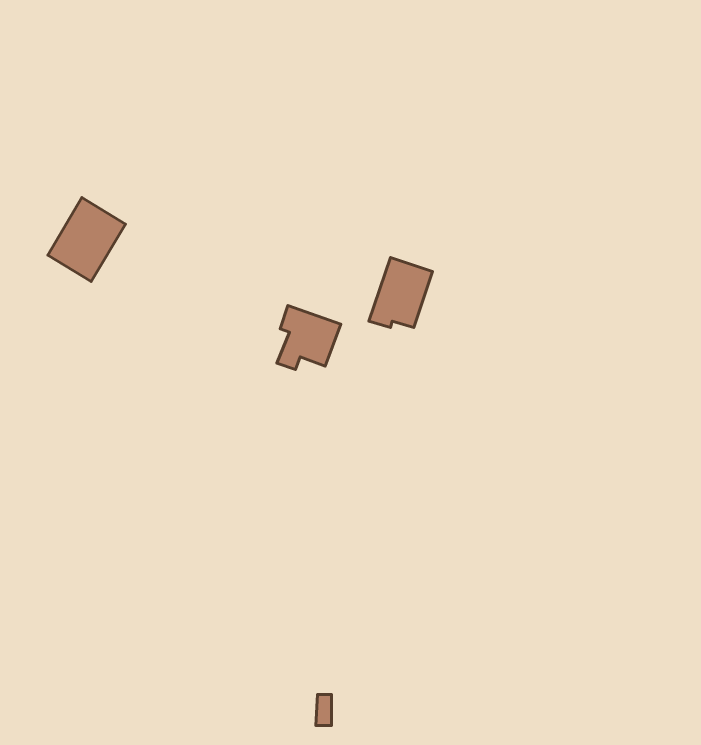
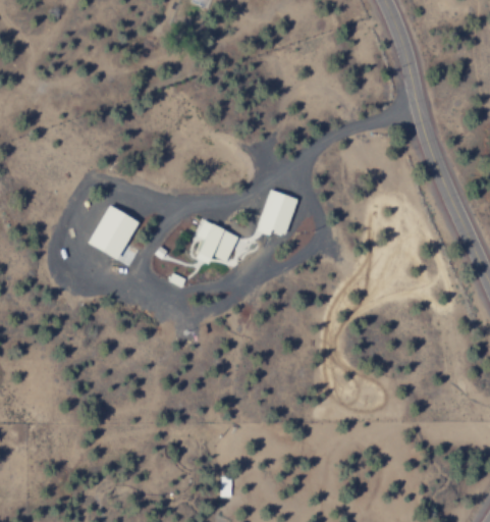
building: [48,198,125,282] -> [89,205,140,260]

